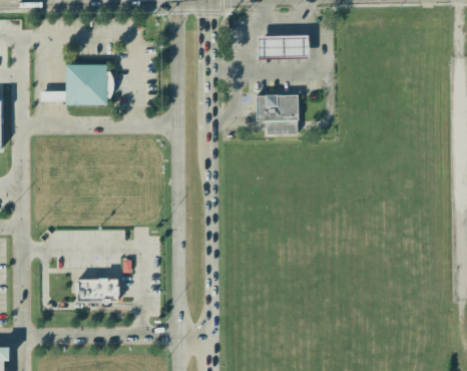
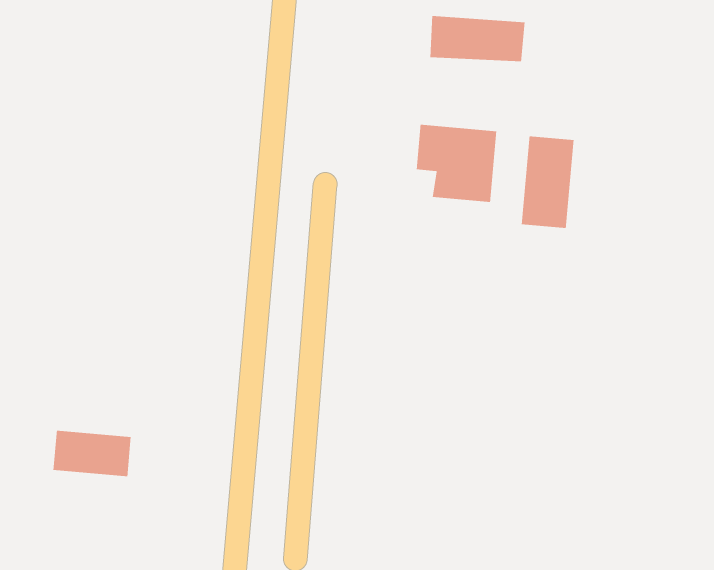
building: [39,64,113,103] -> none
building: none -> [521,135,575,229]

